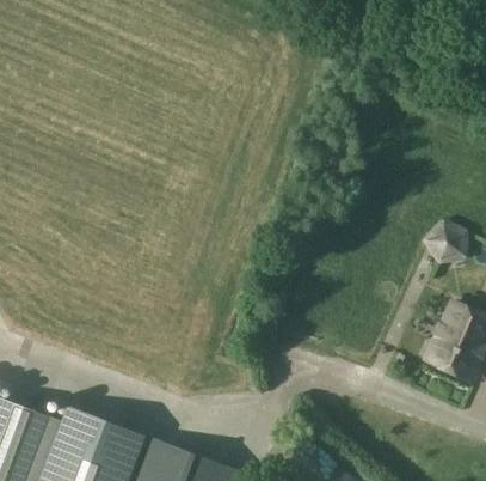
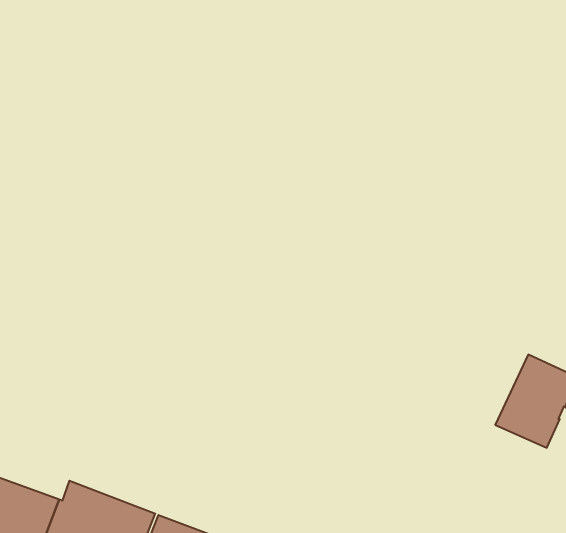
building: [423,214,469,262] -> none

